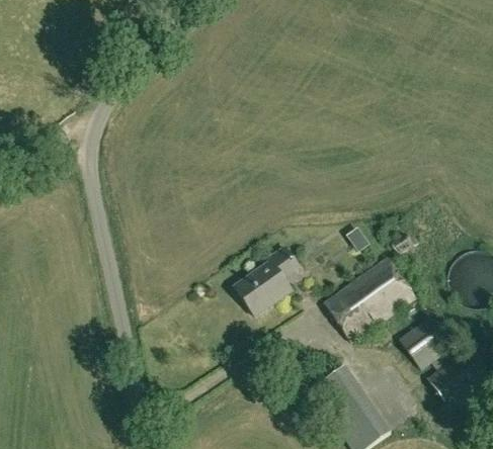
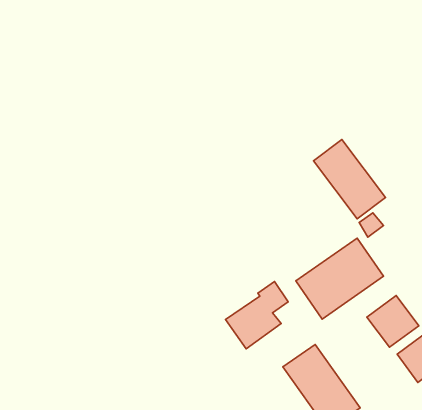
building: none -> [314,140,385,219]
building: [235,246,300,316] -> [226,282,288,349]

